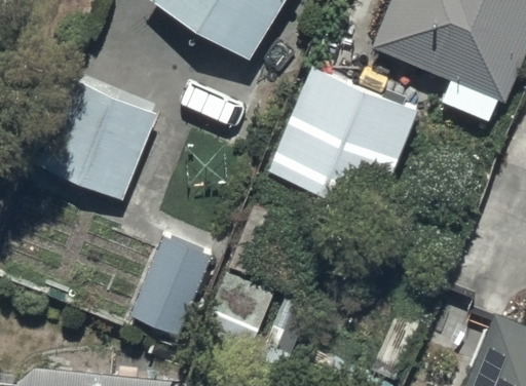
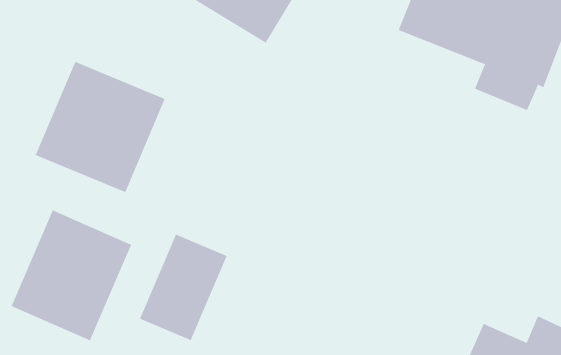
building: [272,66,423,216] -> none
building: none -> [11,210,132,341]

